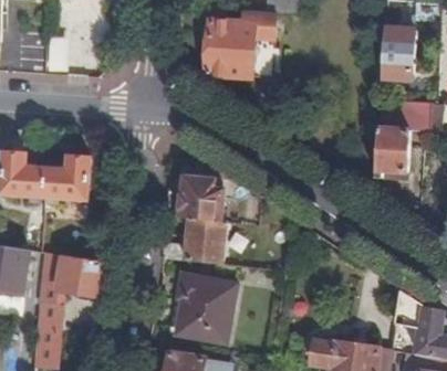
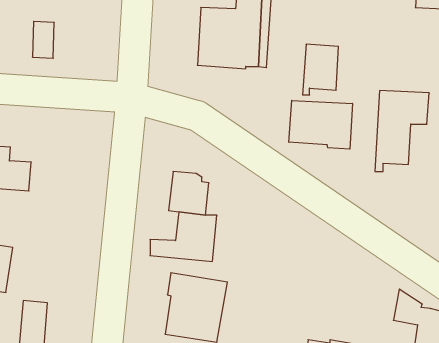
building: [382,28,416,76] -> [303,44,338,95]
building: none -> [289,100,352,149]
building: [44,157,90,199] -> none
building: [39,252,106,296] -> none

